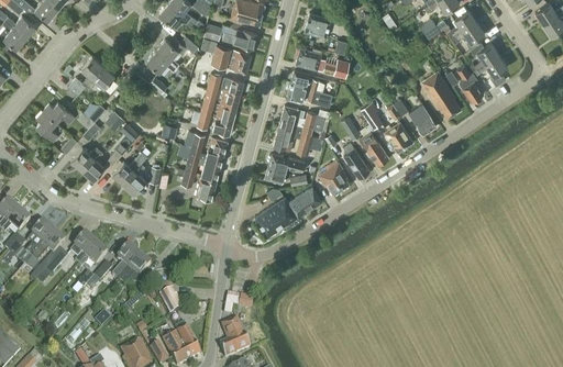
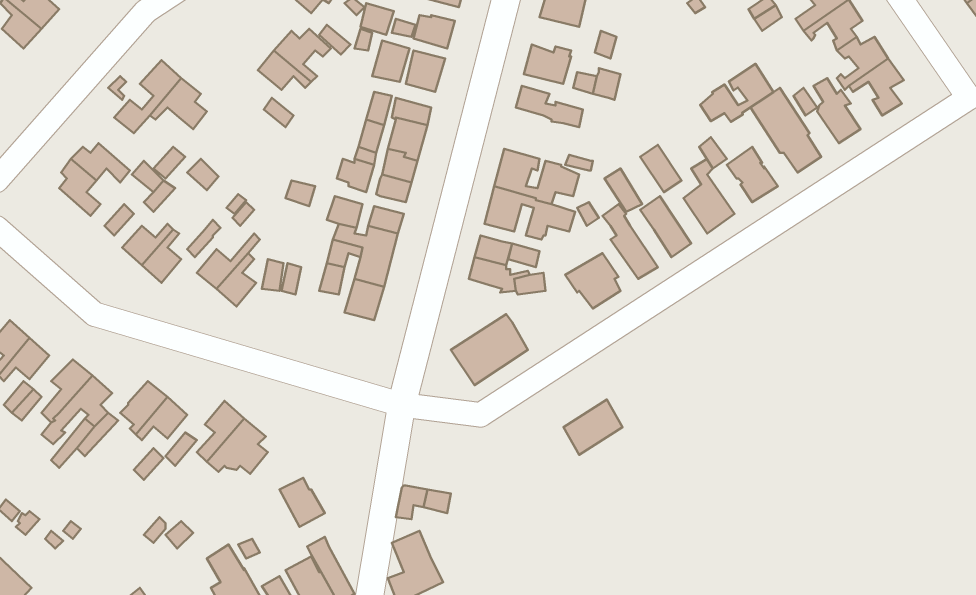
building: none -> [700,64,774,122]
building: [286,82,327,105] -> none
building: [288,187,321,218] -> [563,400,622,455]

